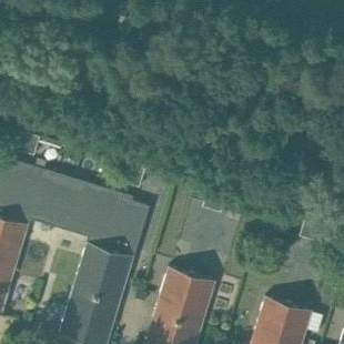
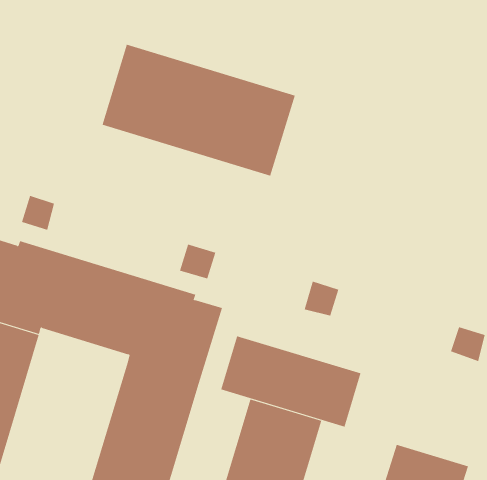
building: none -> [102,44,295,177]
building: none -> [221,335,361,427]

